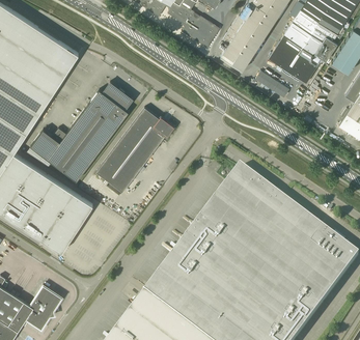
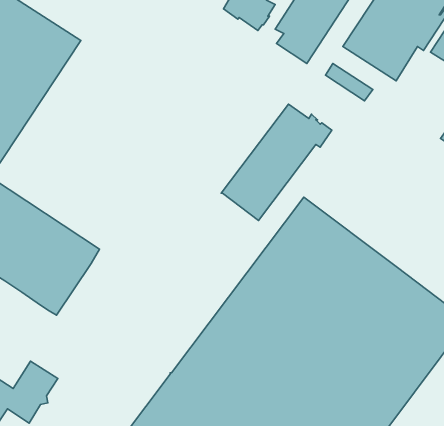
building: [30,82,133,180] -> none
building: [95,108,175,192] -> [221,104,332,221]

